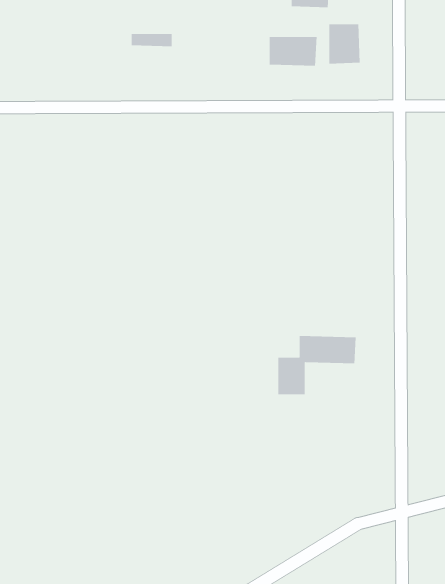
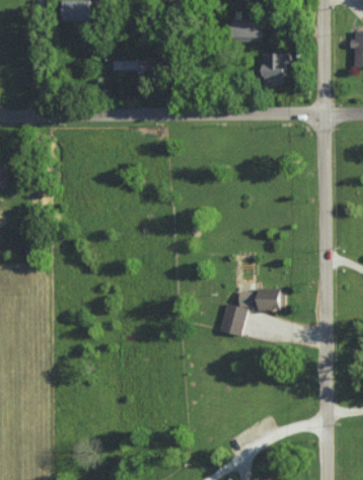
building: [269,36,317,66] -> none

